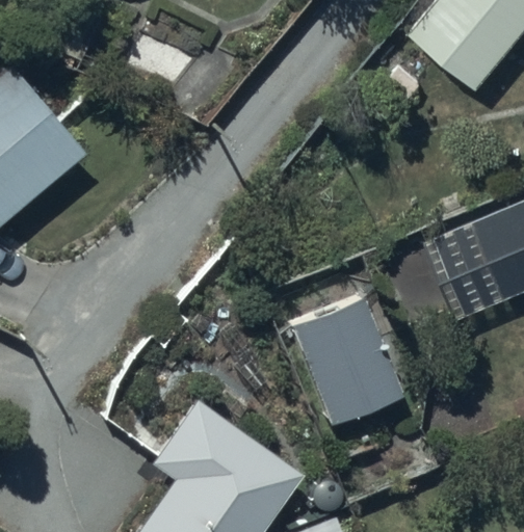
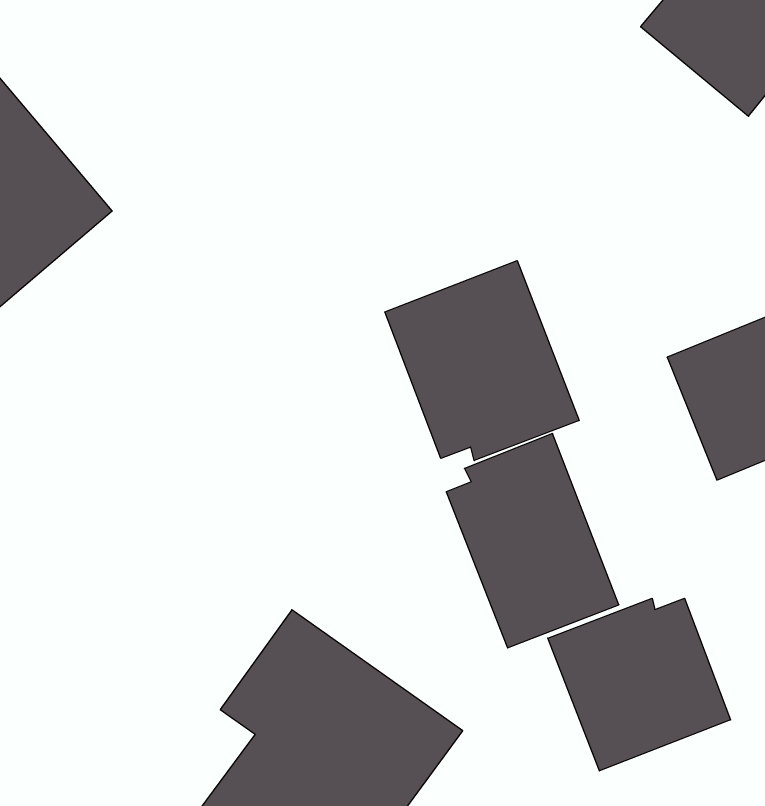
building: none -> [385,261,579,461]
building: none -> [548,598,731,771]

